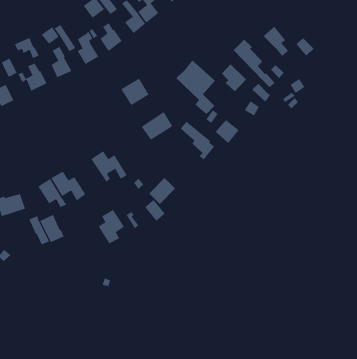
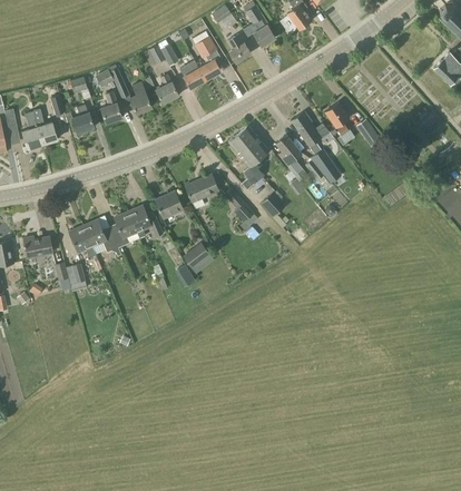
building: [121,78,149,106] -> [155,190,184,218]
building: [98,209,129,244] -> [109,212,140,247]

